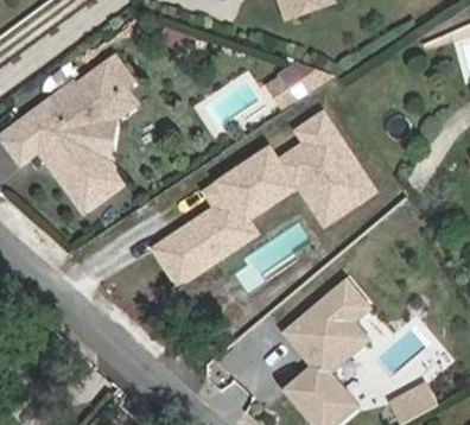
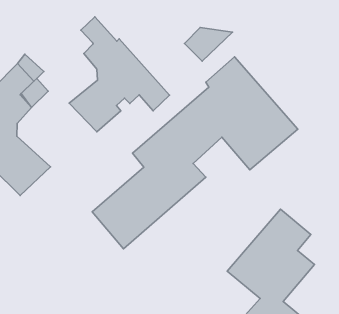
building: none -> [69,17,169,132]

